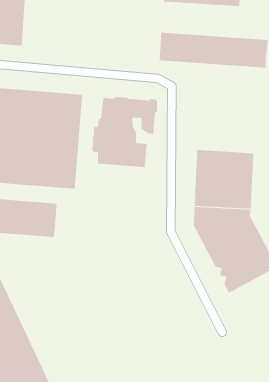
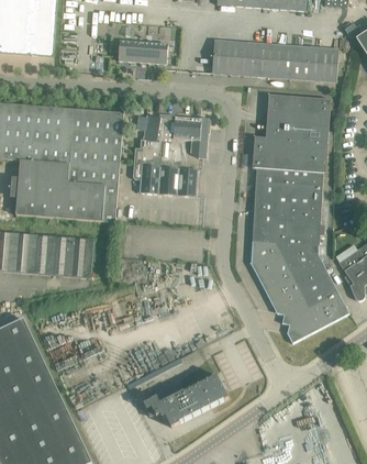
building: none -> [118,41,167,64]
building: none -> [252,95,331,180]
building: none -> [152,374,229,427]

